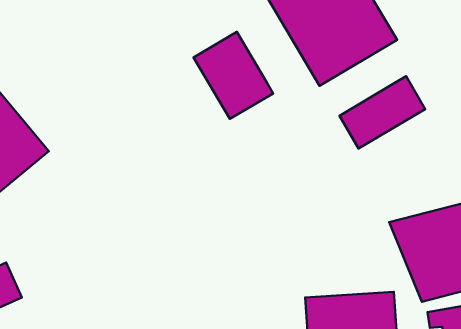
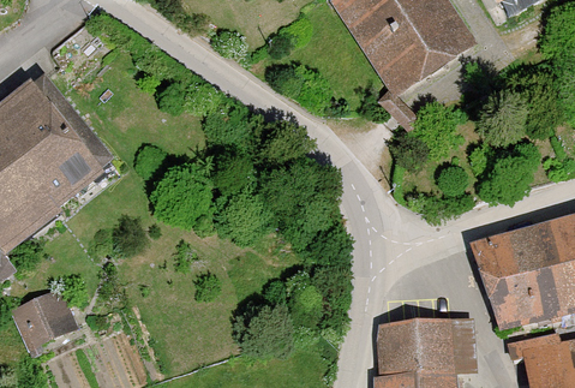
building: [193,32,273,119] -> none
building: [339,76,425,149] -> none

